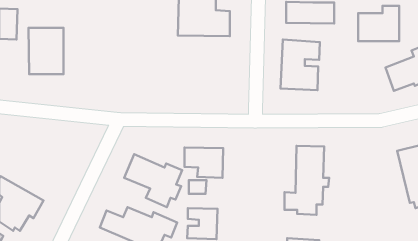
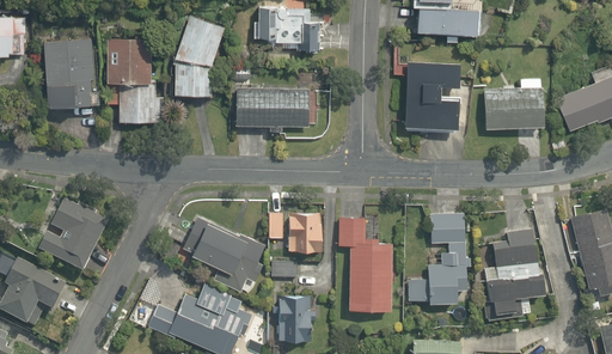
building: [358,6,399,41] -> [485,78,544,128]
building: none -> [171,14,227,96]
building: none -> [106,39,165,123]
building: none -> [234,86,310,126]
building: none -> [33,194,110,274]
building: none -> [337,213,391,310]
building: none -> [484,230,544,312]

